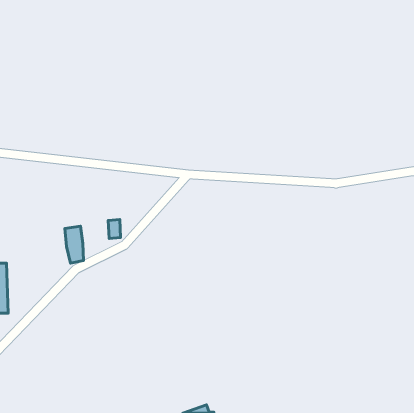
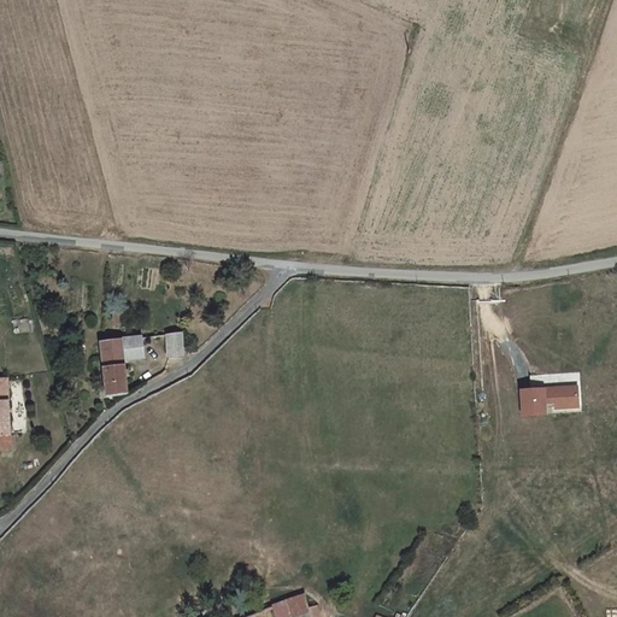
building: none -> [118,330,145,358]
building: none -> [522,394,578,422]

